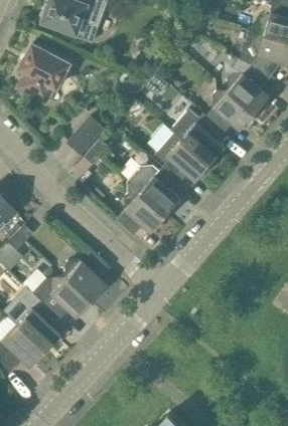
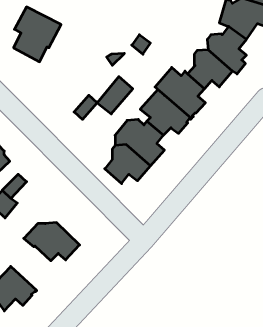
building: [66,116,105,156] -> [97,77,133,114]
building: [63,260,105,300] -> none
building: [15,301,58,350] -> none

